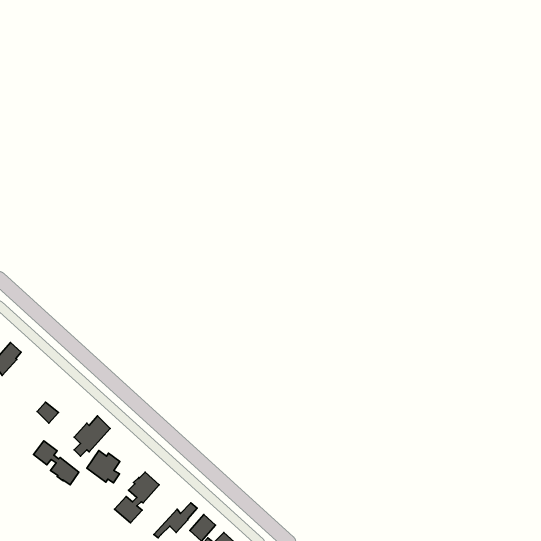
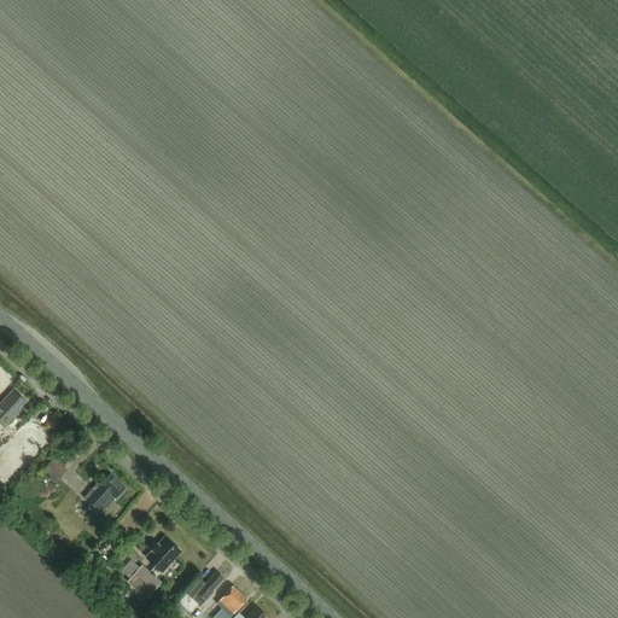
building: [33,441,79,485] -> none
building: [87,450,120,483] -> none

